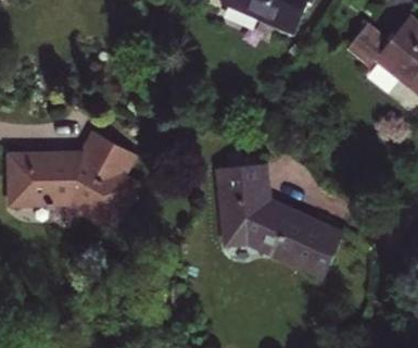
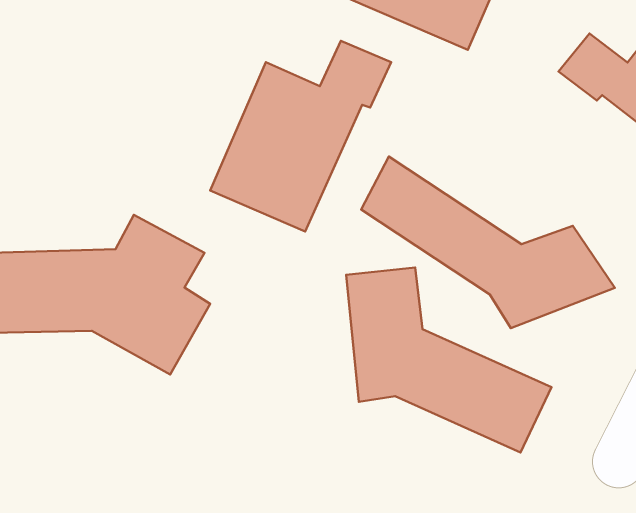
building: none -> [210,41,391,231]
building: none -> [361,157,615,328]

